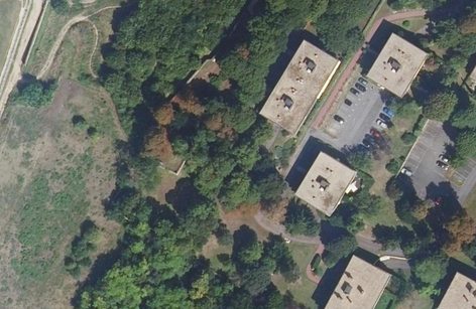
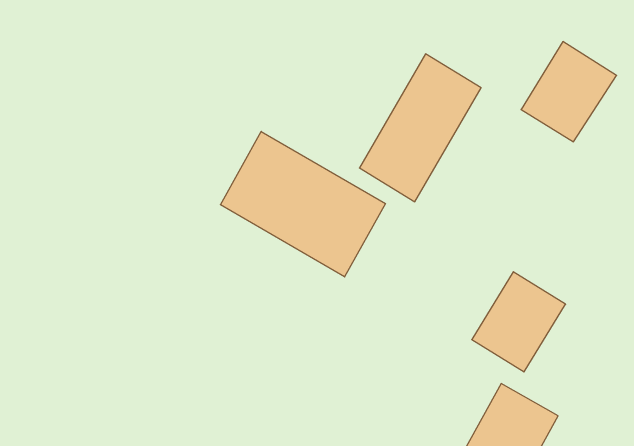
building: none -> [220,131,385,277]
building: [293,151,355,216] -> [472,272,566,372]

